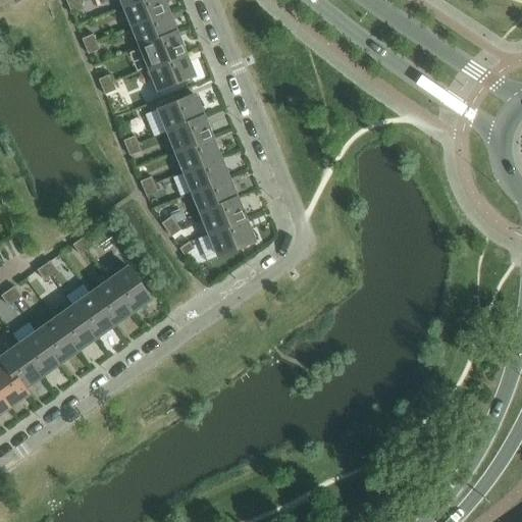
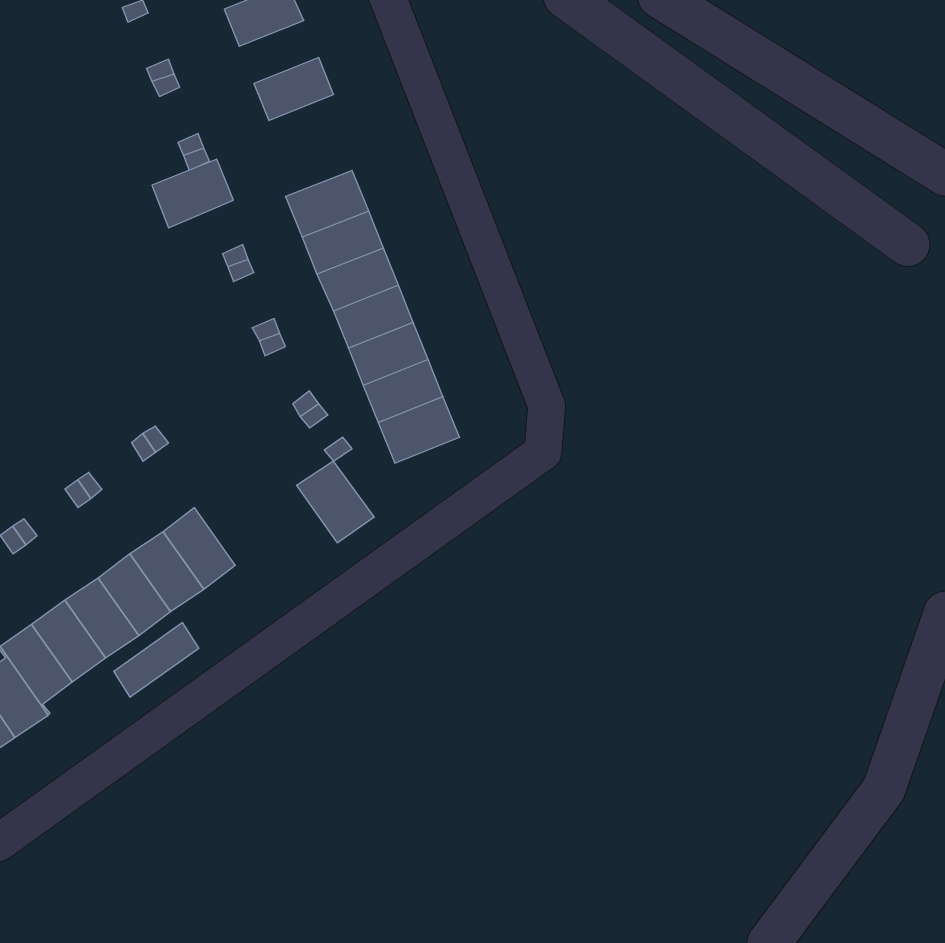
building: [132,11,175,46] -> none
building: [148,52,193,90] -> [152,159,233,228]
building: [107,266,150,311] -> [296,461,374,543]
building: none -> [114,622,199,697]

